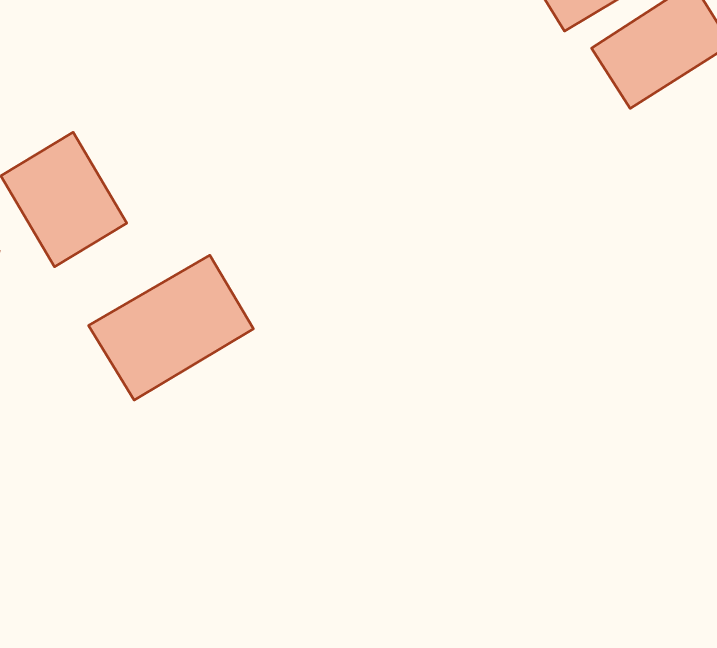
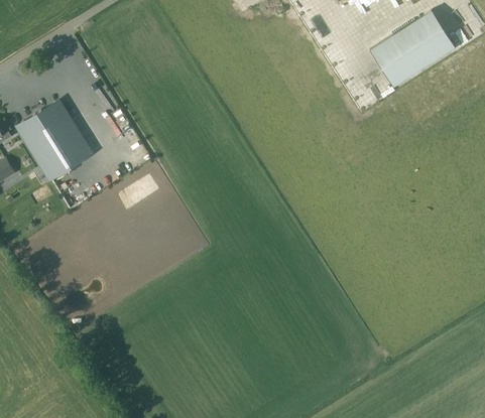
building: [89,255,254,400] -> none

